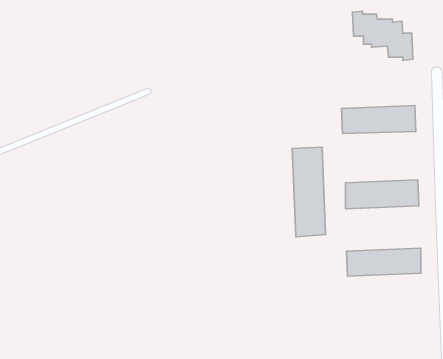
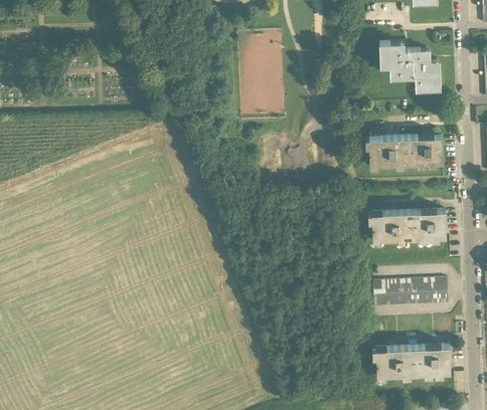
building: [292,147,326,237] -> none
building: none -> [375,348,449,376]

